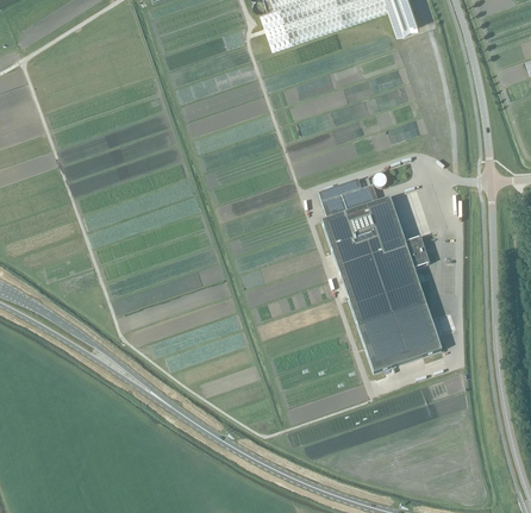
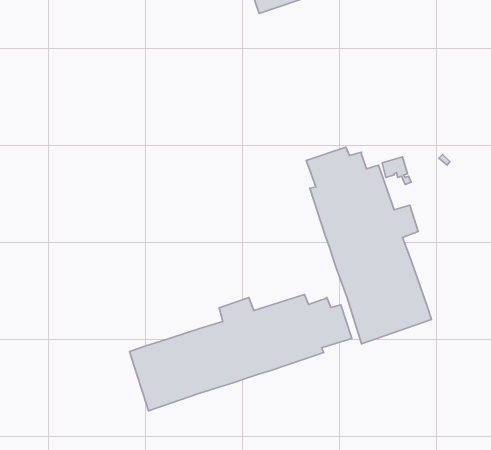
building: none -> [129,294,352,411]

